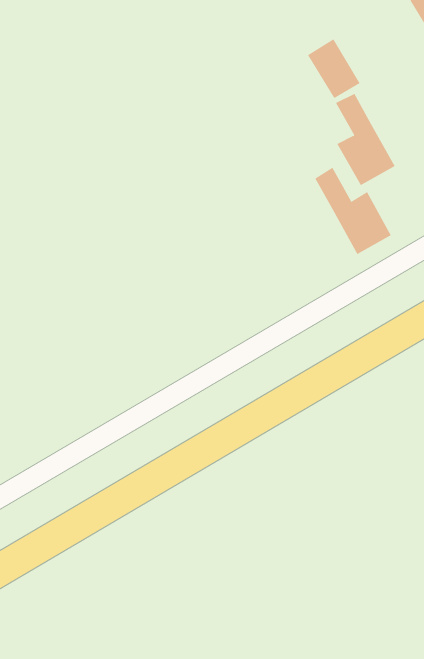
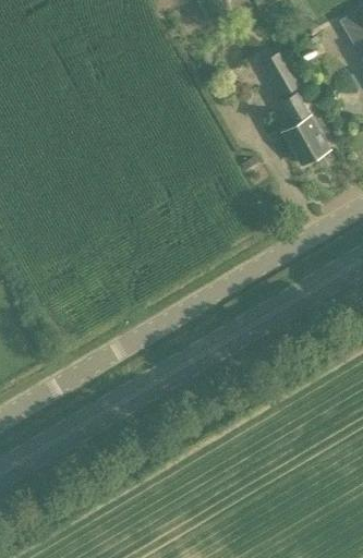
building: [314,167,391,255] -> none

